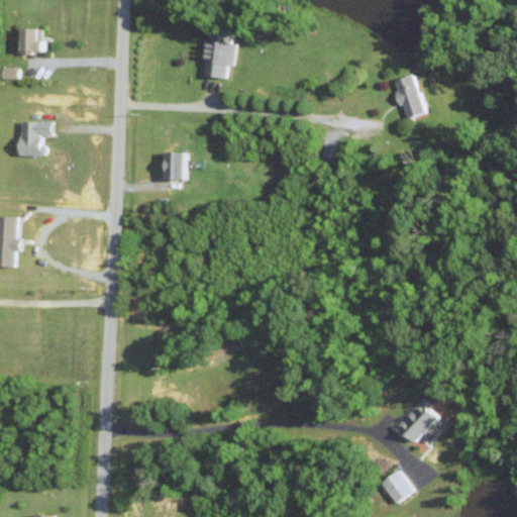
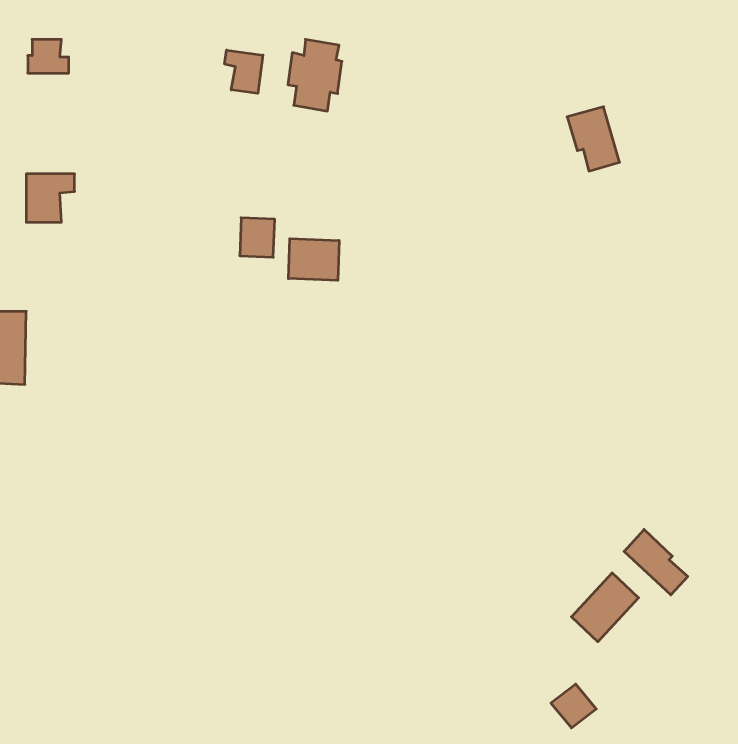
building: none -> [225,50,263,93]
building: none -> [288,239,339,280]
building: none -> [624,529,688,595]

